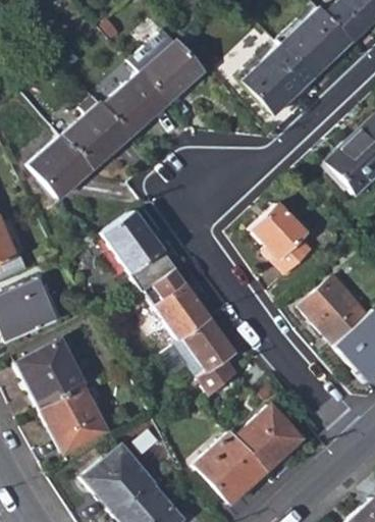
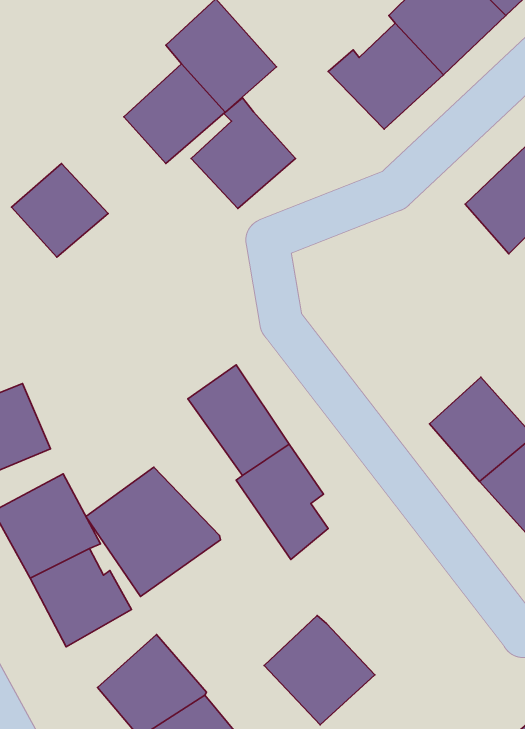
building: [62,97,130,169] -> [191,98,296,208]
building: [253,206,312,274] -> none
building: [102,211,176,292] -> none
building: none -> [86,467,220,597]
building: [235,406,303,471] -> none

